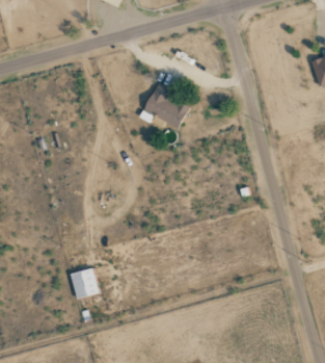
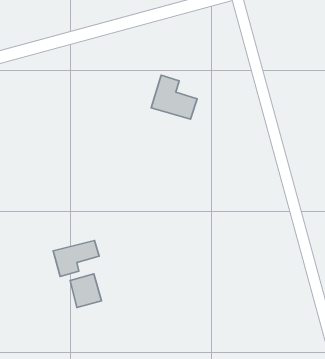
building: none -> [53,240,99,276]

